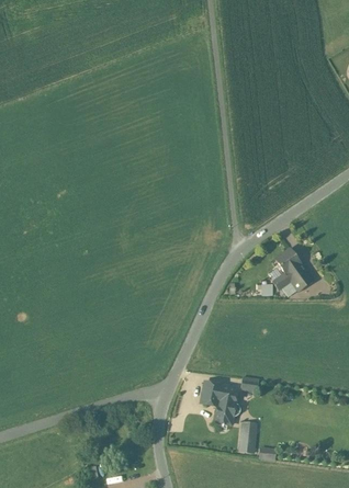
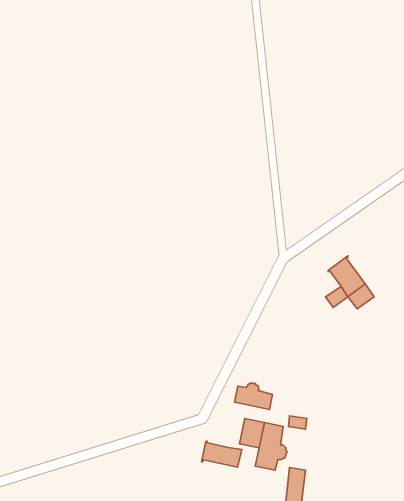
building: none -> [234,383,273,410]
building: none -> [202,441,242,467]

